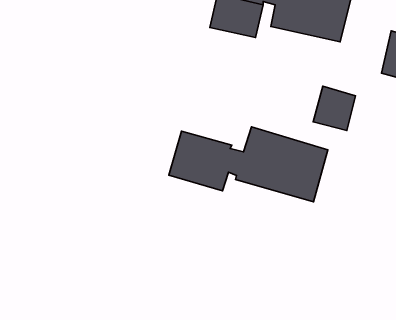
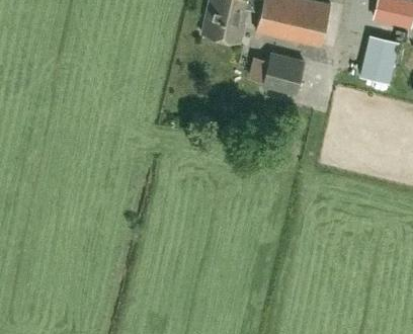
building: [313,86,356,131] -> [263,54,303,95]
building: [169,127,328,202] -> none

